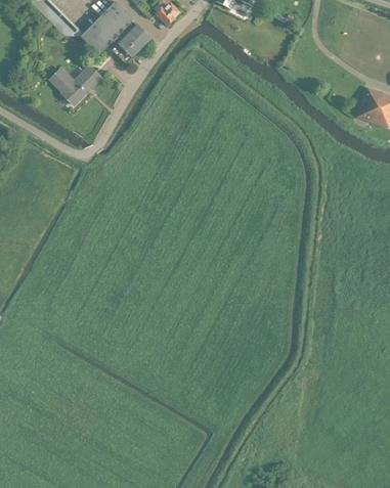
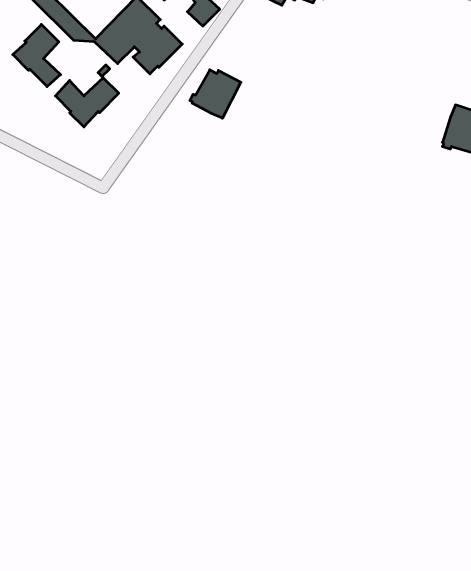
building: none -> [13,24,61,87]
building: none -> [190,70,241,118]

